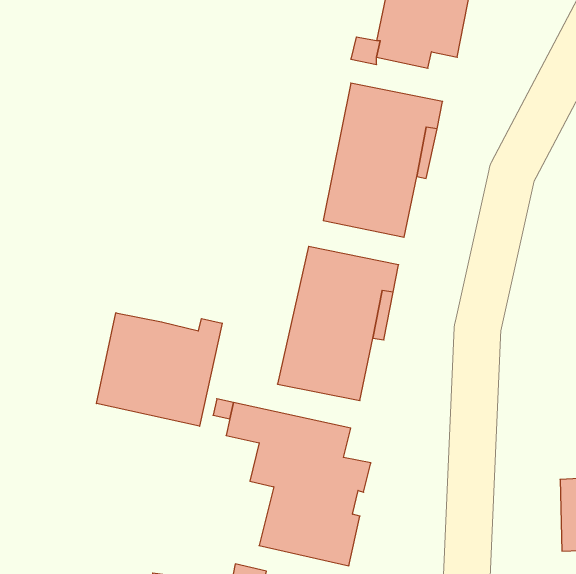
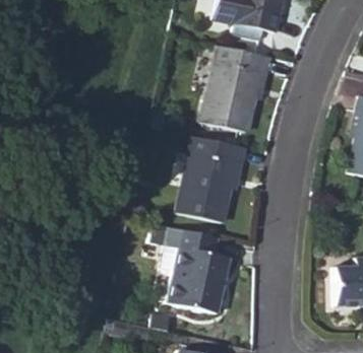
building: [96,313,222,426] -> none

